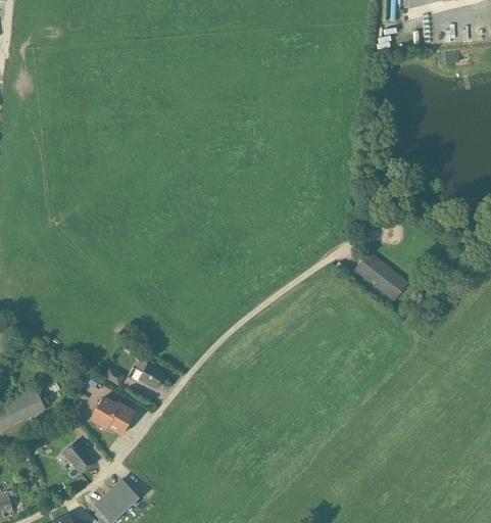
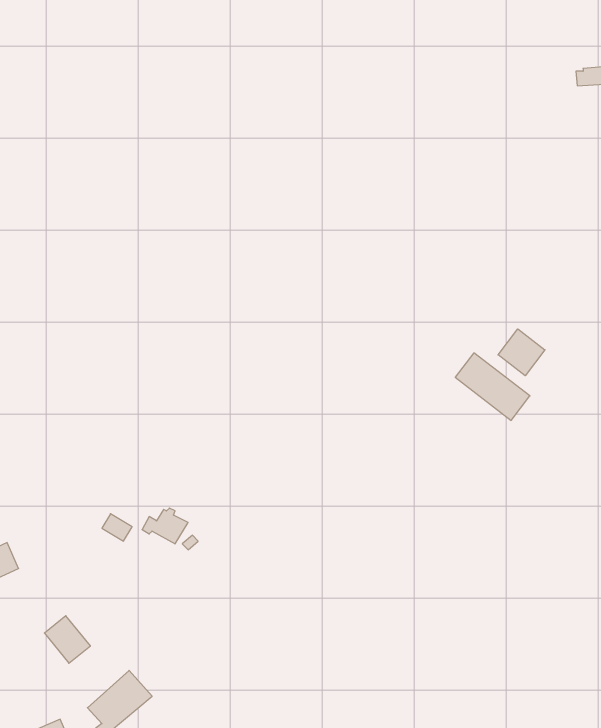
building: none -> [498,329,545,376]
building: [91,398,134,435] -> none

